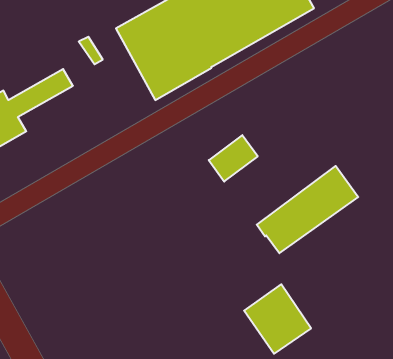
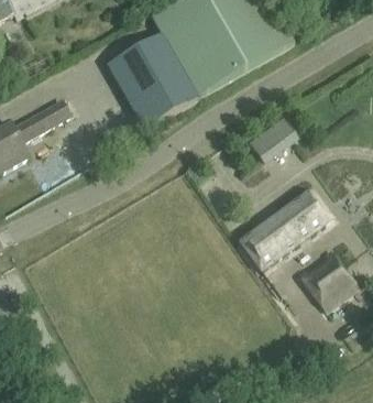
building: [209,135,258,182] -> [249,123,294,166]
building: [244,284,311,354] -> [297,249,359,313]

